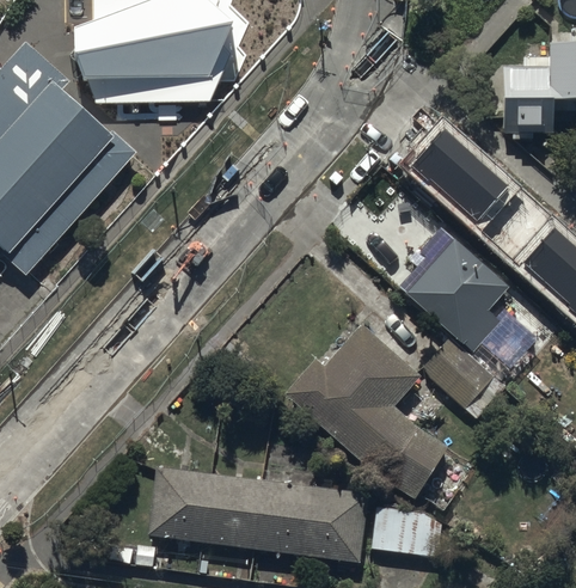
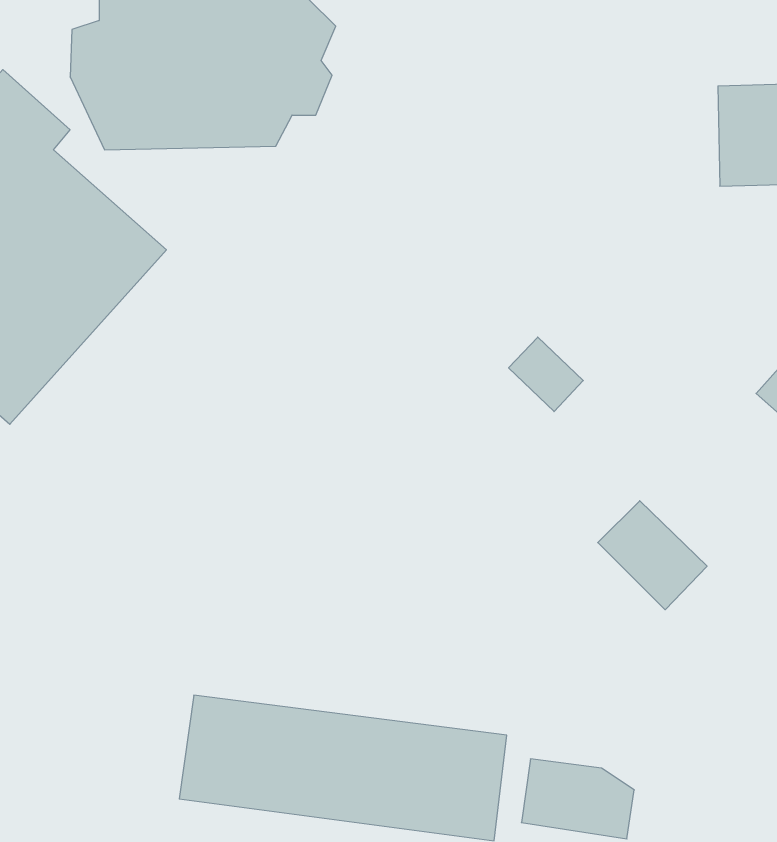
building: [412,131,509,225] -> none
building: [399,226,505,353] -> none
building: [288,323,446,498] -> none

